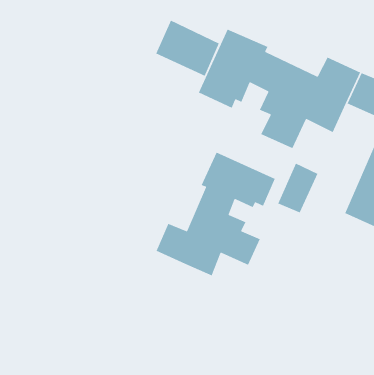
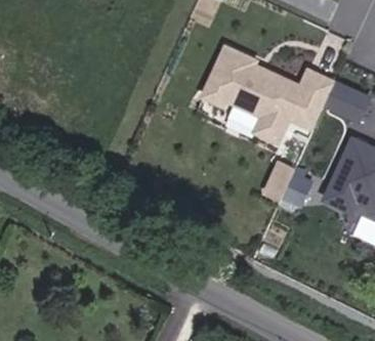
building: [155,20,220,77] -> none
building: [155,151,276,277] -> none

